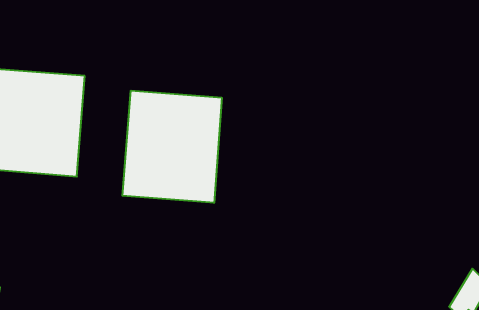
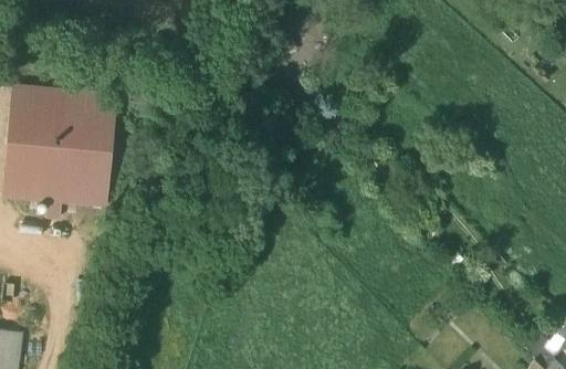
building: [122,91,222,203] -> none

